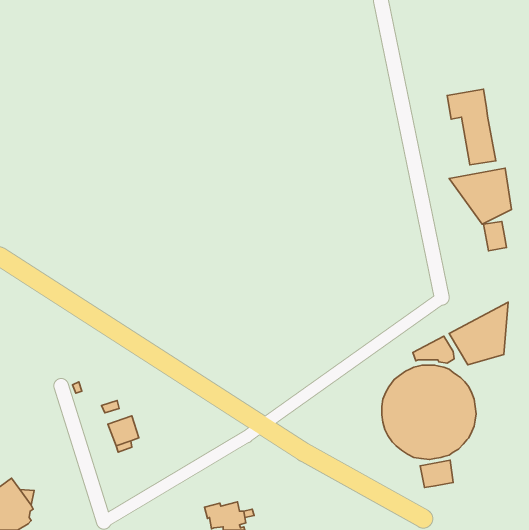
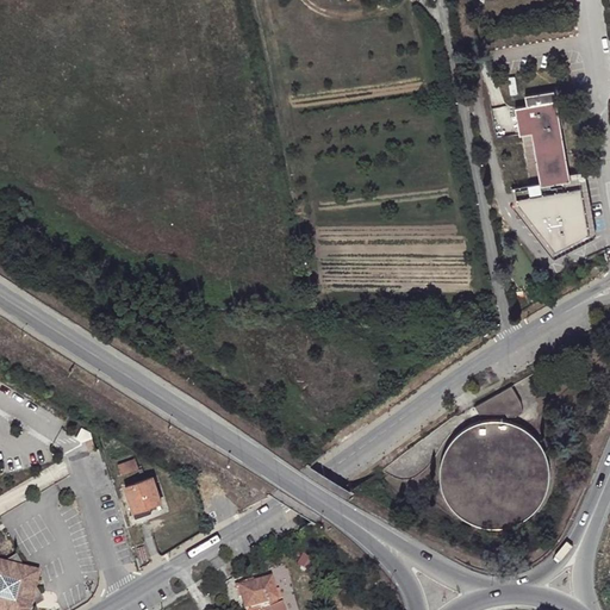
building: [483,222,506,251] -> none
building: [449,302,508,365] -> none
building: [420,460,453,487] -> none

